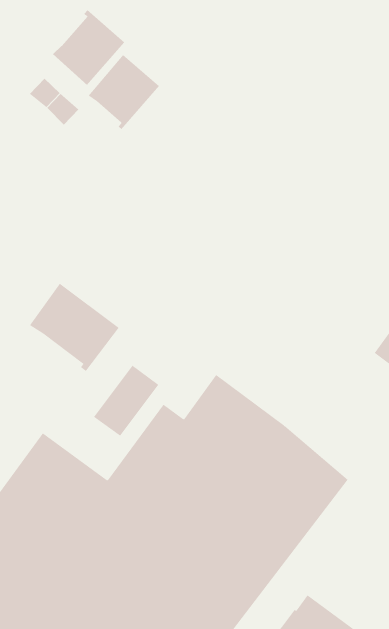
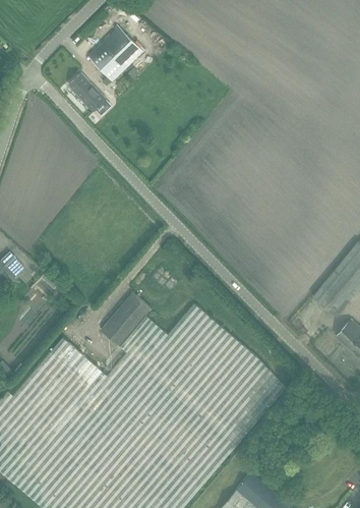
building: [88,54,160,130] -> none
building: [29,283,119,372] -> none

